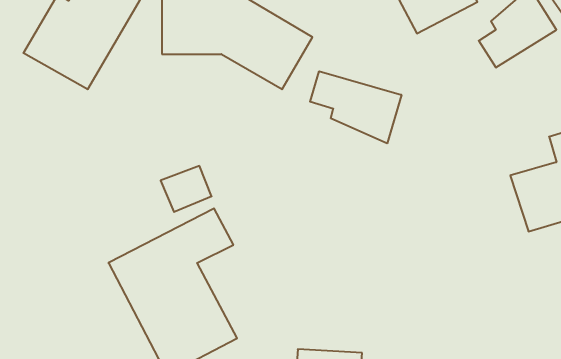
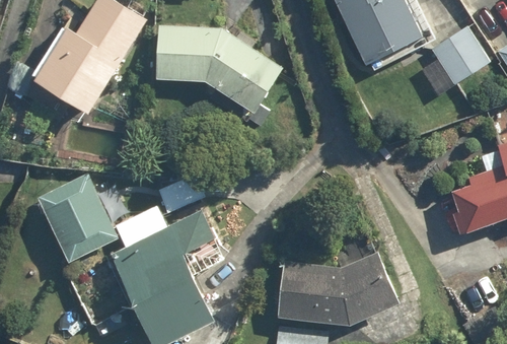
building: [310,71,401,143] -> none
building: none -> [39,173,117,262]
building: none -> [279,252,403,326]

